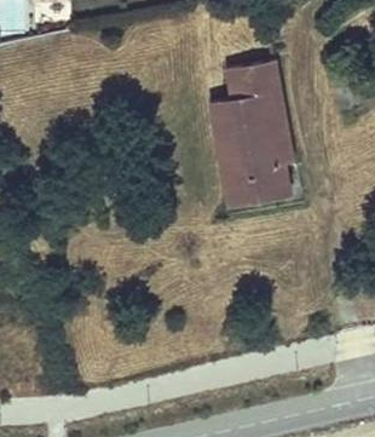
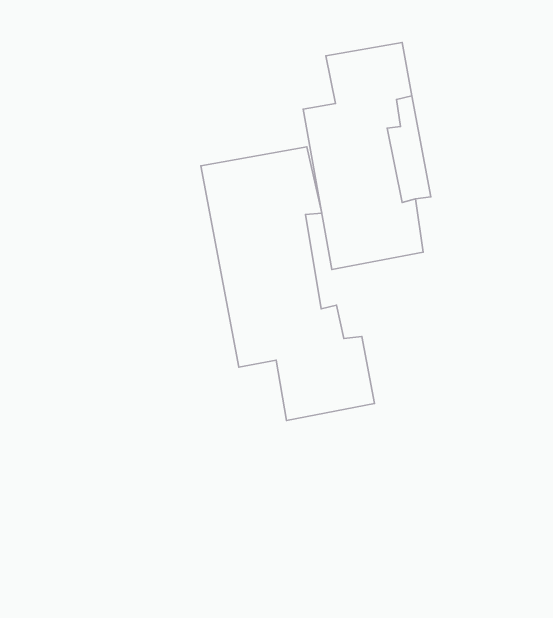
building: none -> [201,147,375,421]

